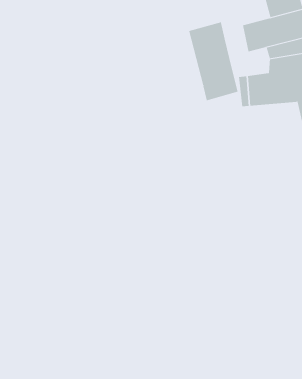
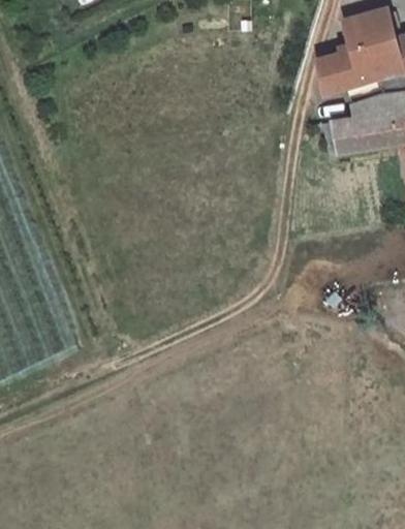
building: [188,21,238,101] -> none

